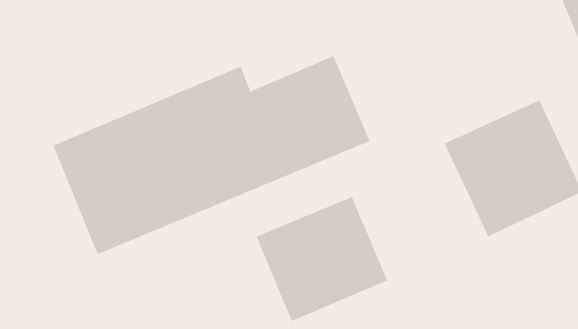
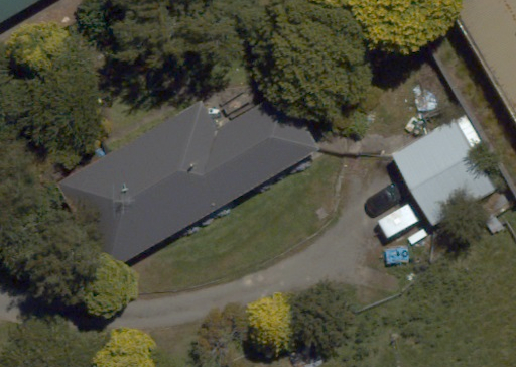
building: [256,196,388,322] -> none

